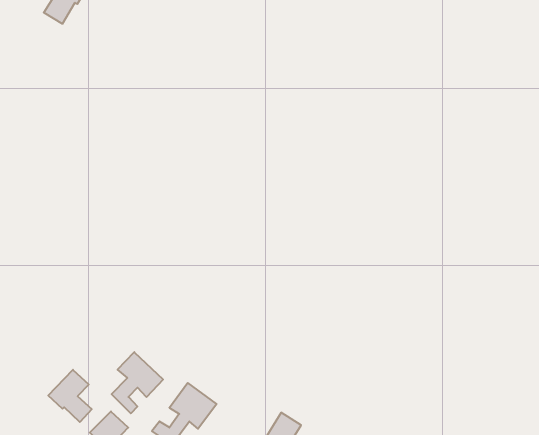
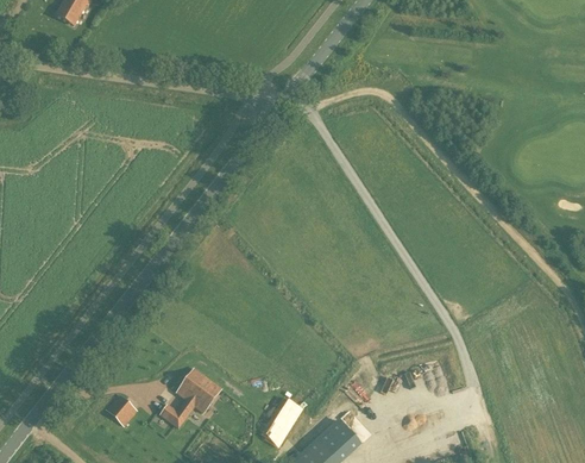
building: [112,352,163,413] -> none
building: [48,370,92,422] -> none

